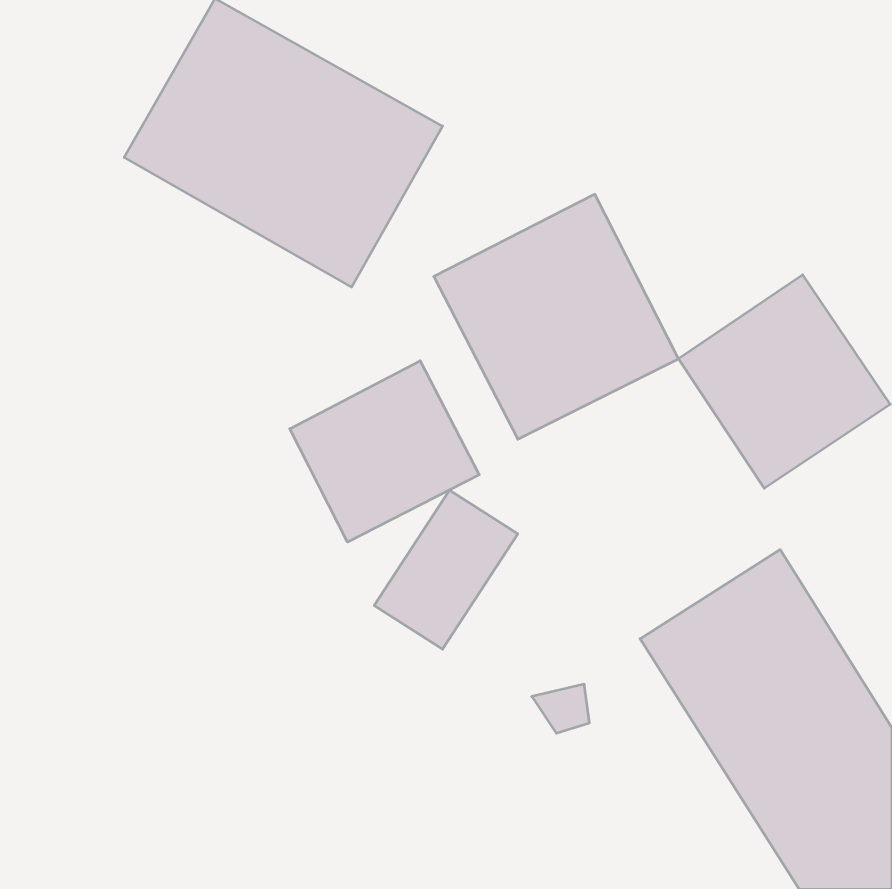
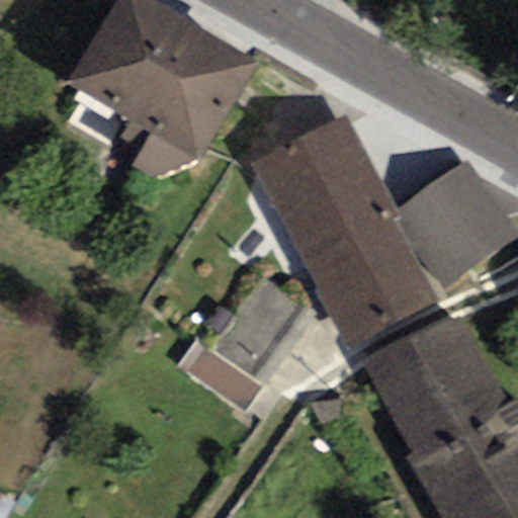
building: none -> [299,207,434,344]
building: [290,361,479,542] -> none

